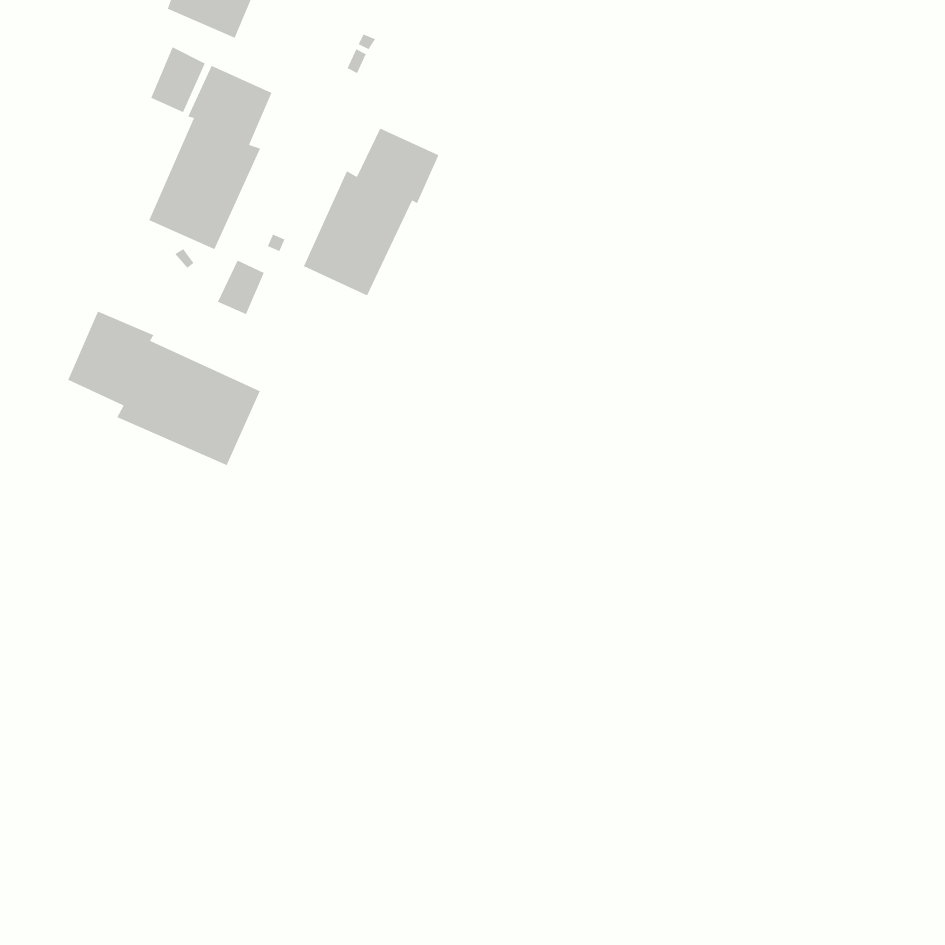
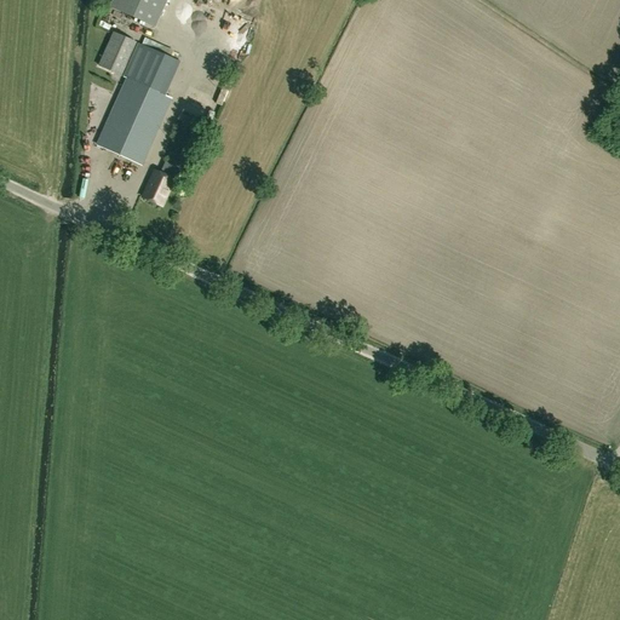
building: [303,128,439,297] -> none
building: [67,311,261,466] -> none

